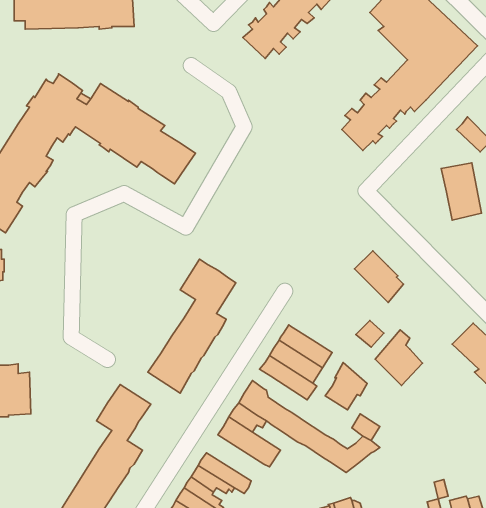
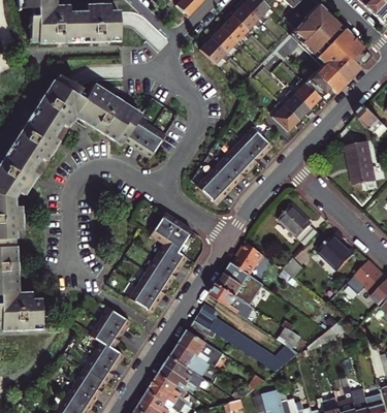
building: none -> [195,126,273,203]
building: [375,330,422,386] -> [318,230,353,272]
building: [325,362,367,410] -> [233,237,264,273]
building: none -> [171,343,214,377]

